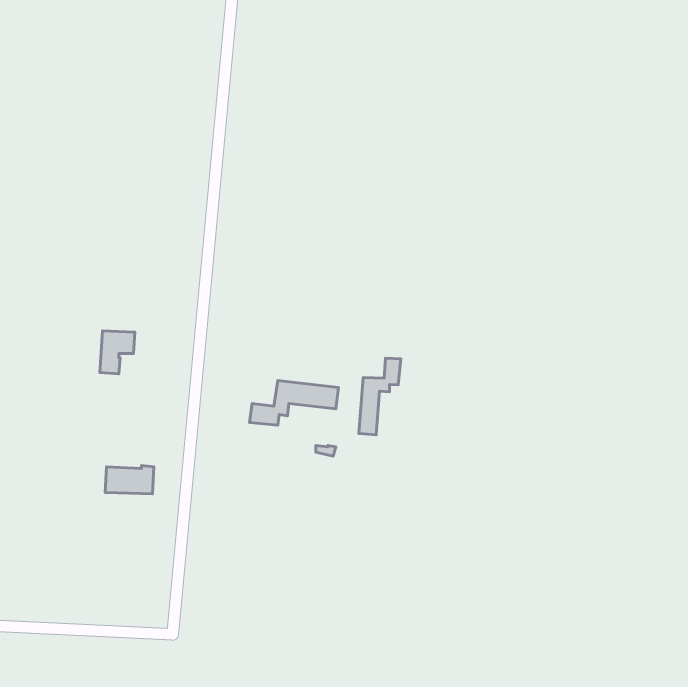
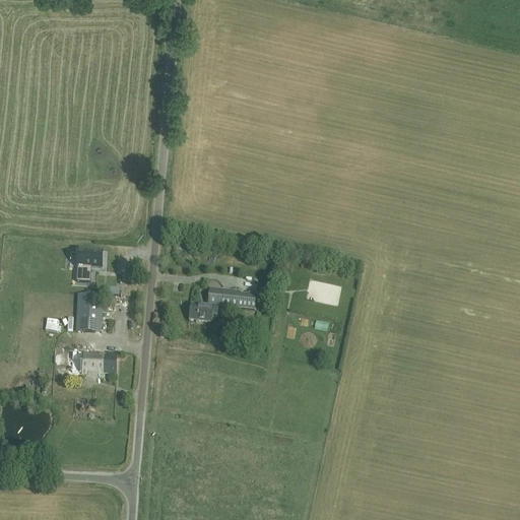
building: [359,358,401,435] -> none
building: none -> [75,294,101,330]

